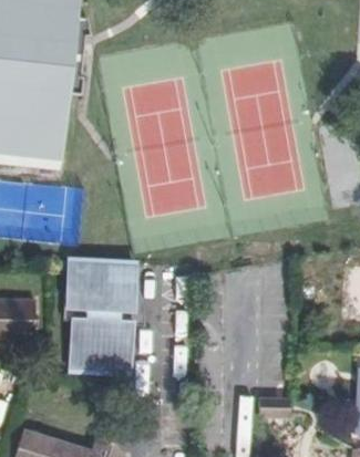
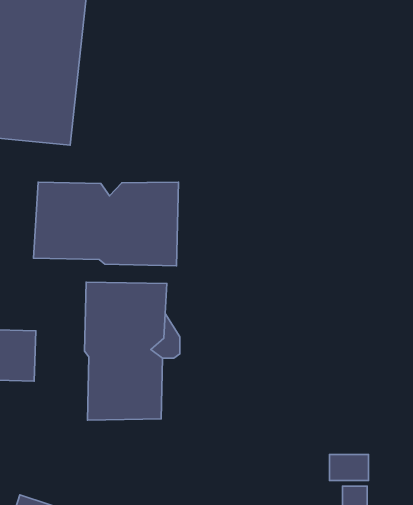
building: none -> [34,182,179,266]

